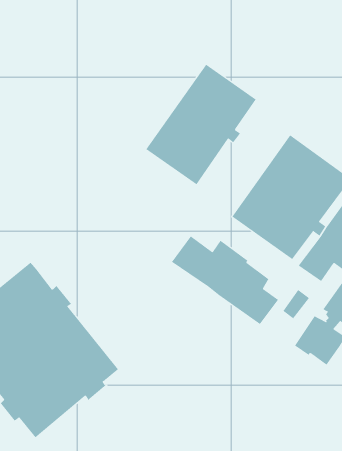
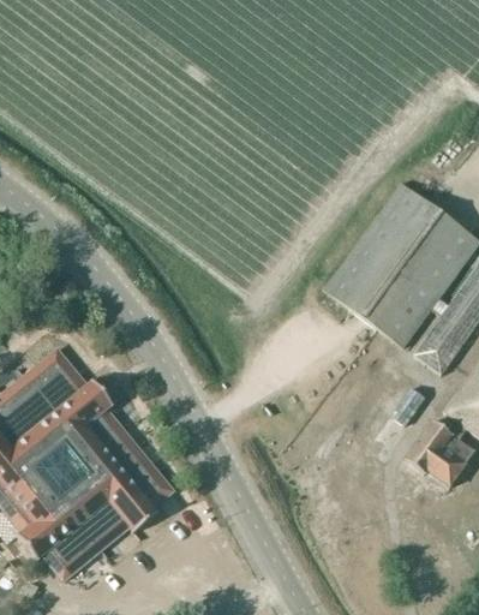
building: [145,64,256,185] -> none
building: [171,236,279,325] -> none

